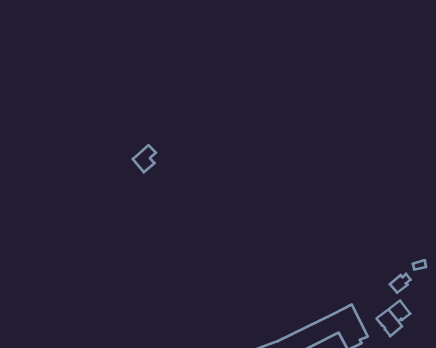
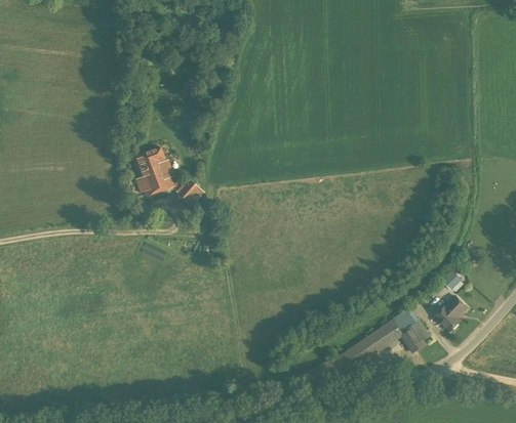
building: none -> [132,149,173,198]

